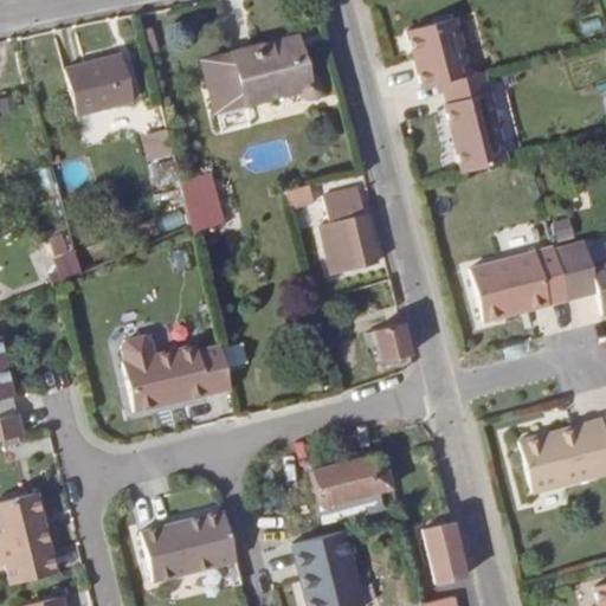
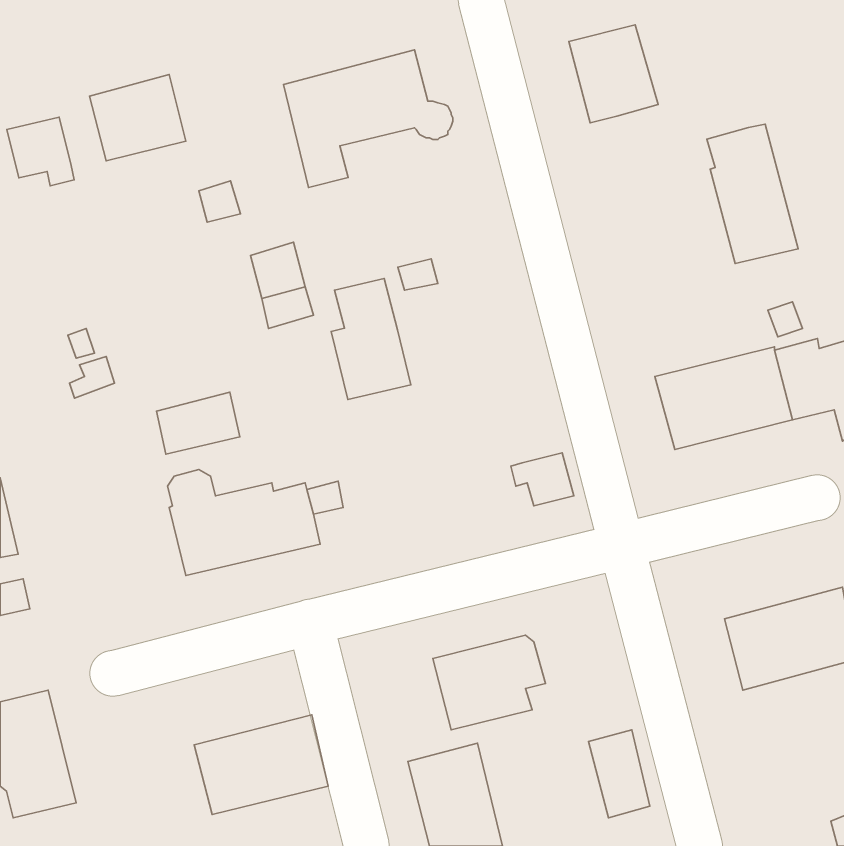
building: [443,72,508,172] -> [707,124,798,264]
building: none -> [7,117,74,186]
building: [321,187,378,273] -> [331,279,411,400]
building: none -> [157,392,240,454]

